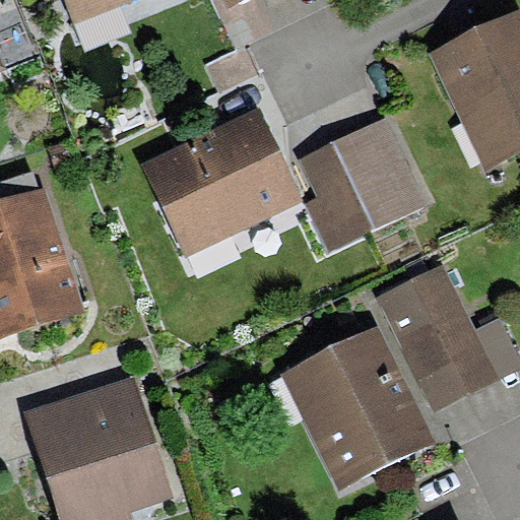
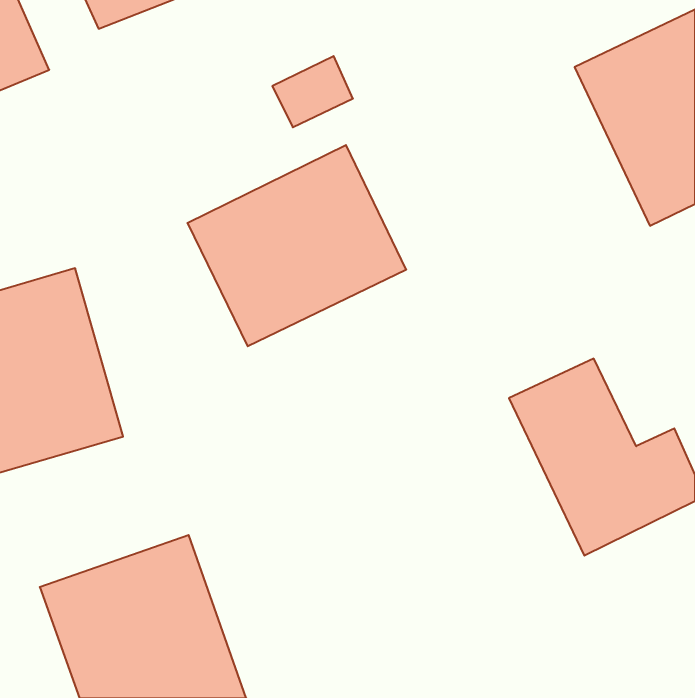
building: [298,119,425,251] -> none
building: [279,324,435,490] -> none

